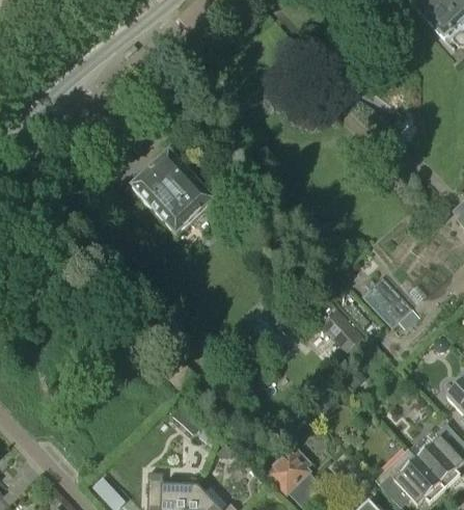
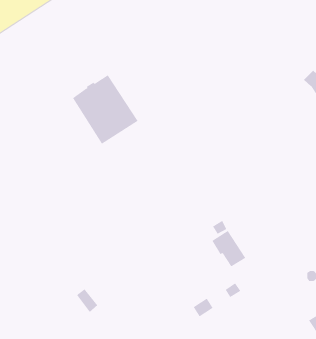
building: [362,275,414,327] -> none

